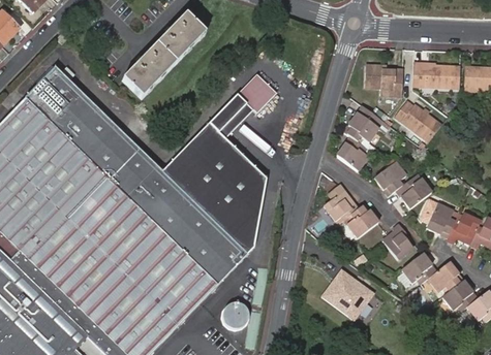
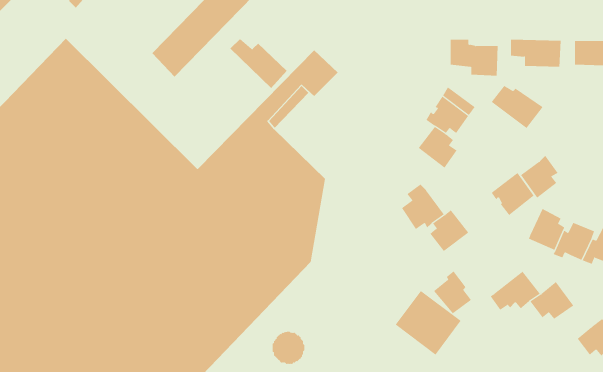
building: none -> [230,38,287,89]
building: [377,160,408,195] -> [520,155,558,198]
building: [385,223,416,258] -> [433,271,472,314]
building: [443,281,479,312] -> none

